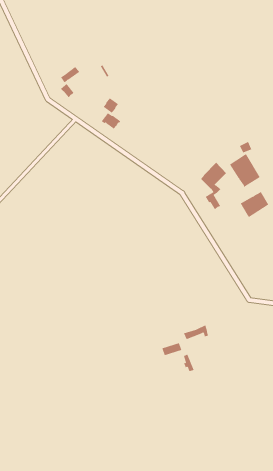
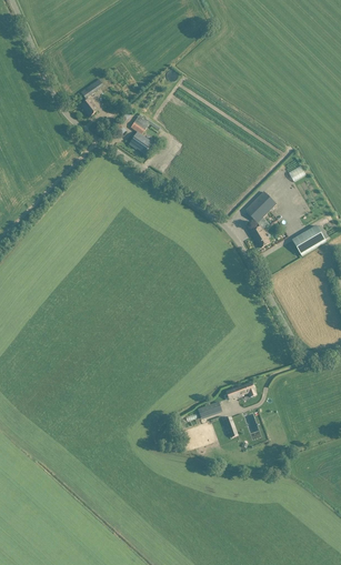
building: [229,153,261,187] -> none

